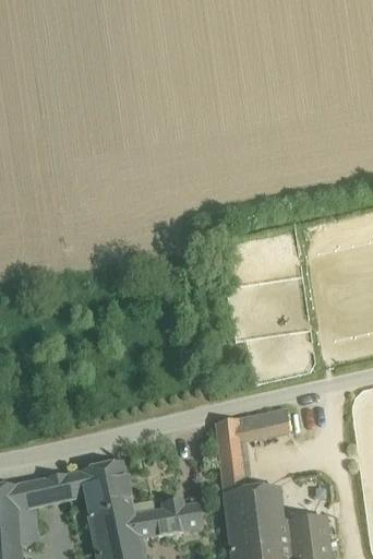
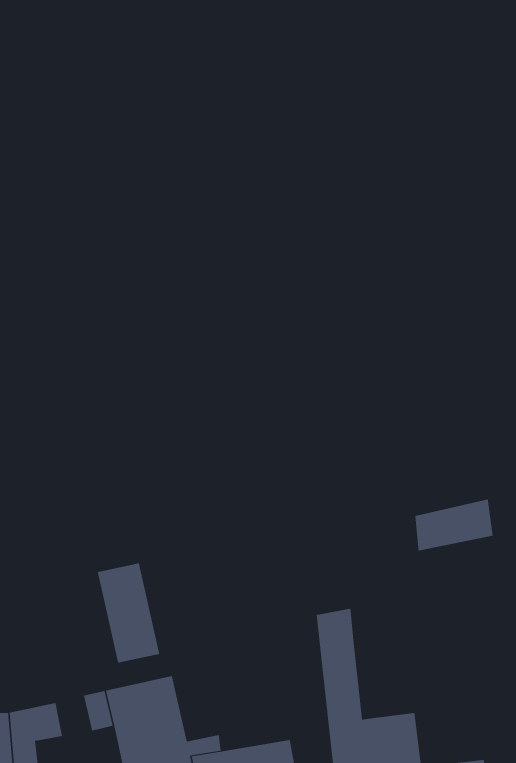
building: none -> [97,562,160,663]
building: [239,407,290,441] -> [414,499,494,551]

